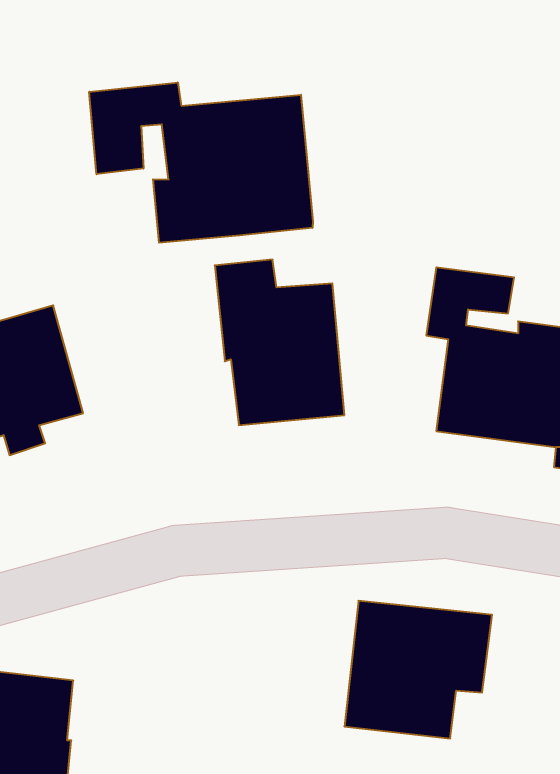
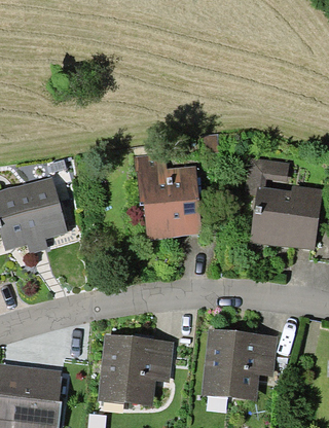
building: [89,82,313,243] -> none
building: none -> [98,335,174,406]

